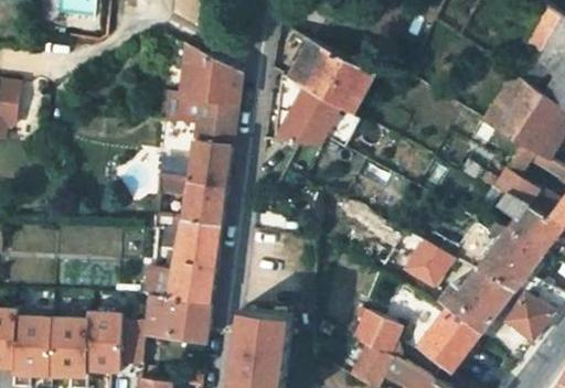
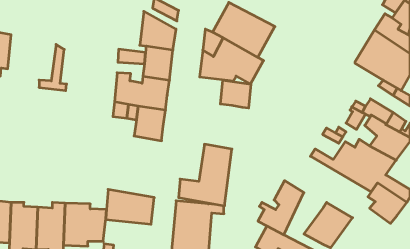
building: [162,45,200,108] -> [39,44,67,91]
building: none -> [220,80,251,108]
building: [148,222,221,305] -> [179,144,232,206]
building: [388,236,507,333] -> none

